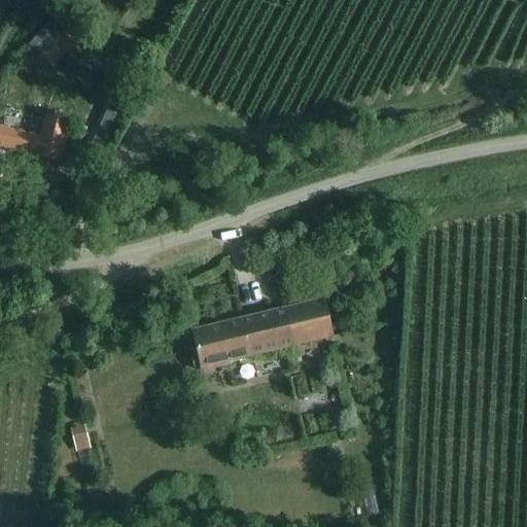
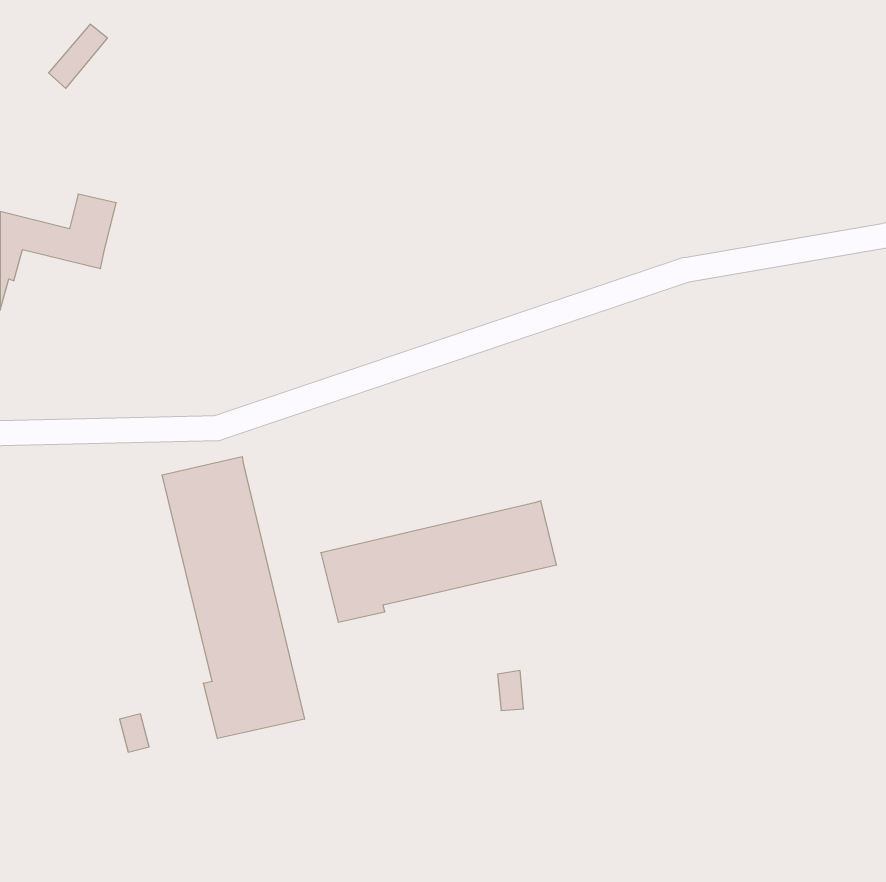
building: none -> [162,457,304,739]

